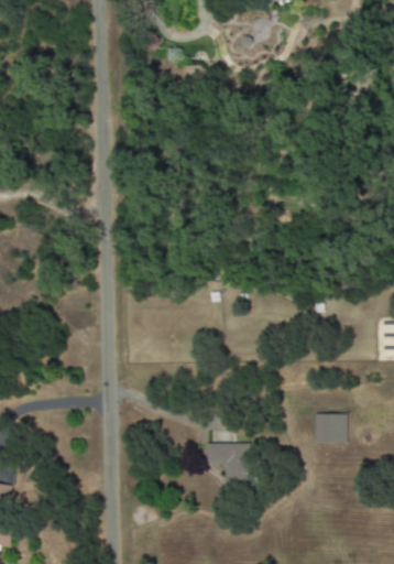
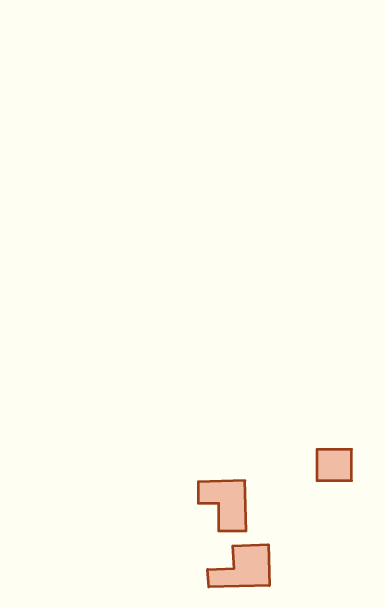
building: none -> [208,545,269,587]

